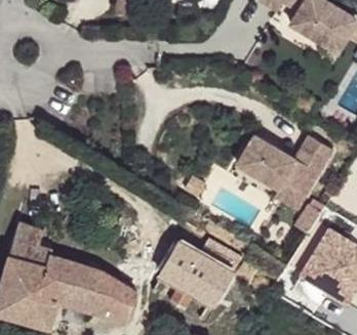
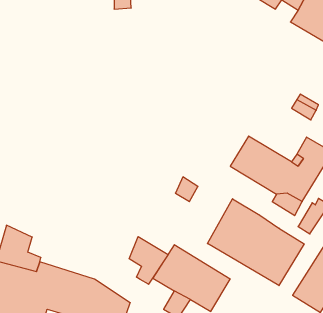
building: none -> [207,199,304,286]
building: none -> [129,237,168,284]

